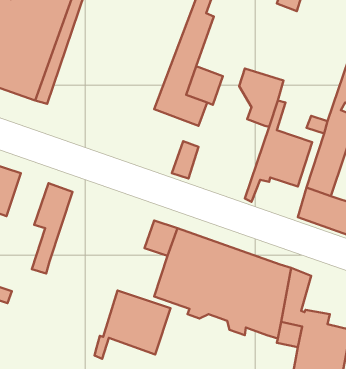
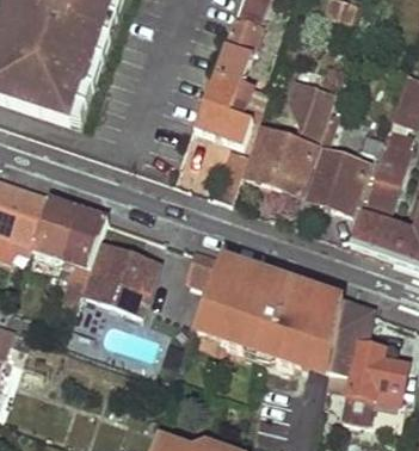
building: none -> [246,125,315,197]
building: none -> [35,194,81,255]
building: [94,291,171,359] -> [76,241,159,315]

